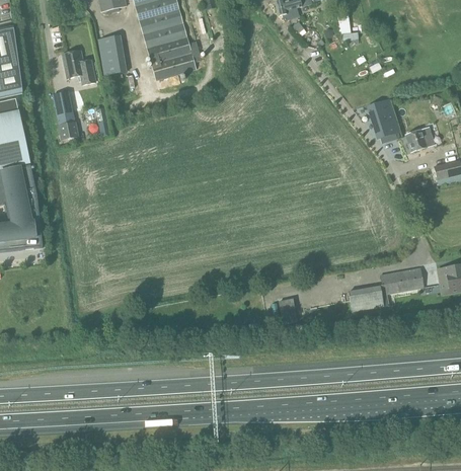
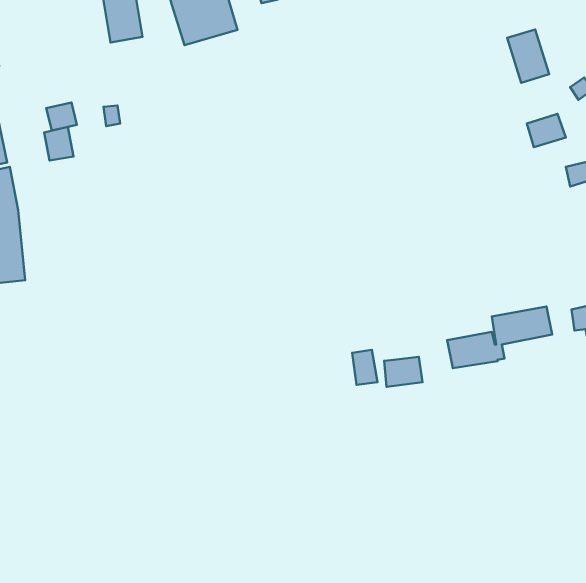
building: [62,49,95,84] -> none
building: [52,89,73,113] -> [44,127,73,161]
building: [369,98,399,137] -> [507,30,549,83]
building: none -> [384,357,422,387]

